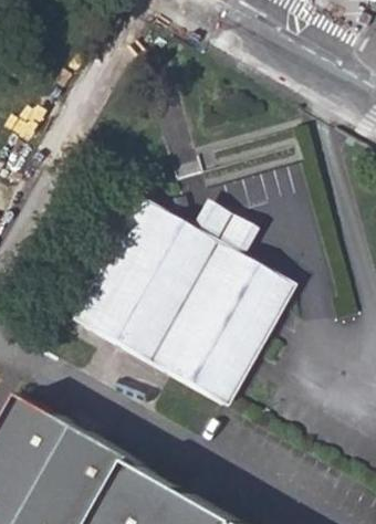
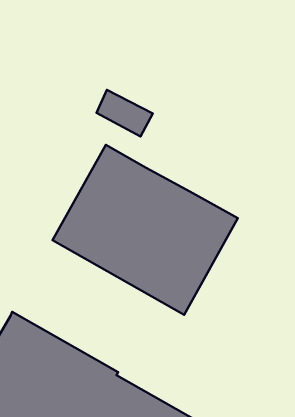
building: [184,206,249,260] -> [96,90,153,137]

